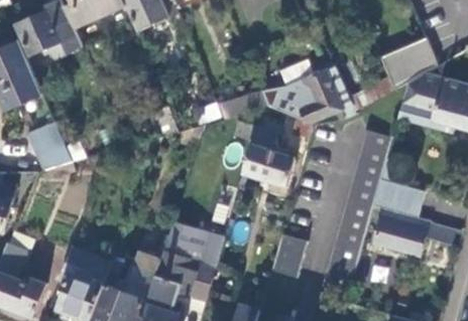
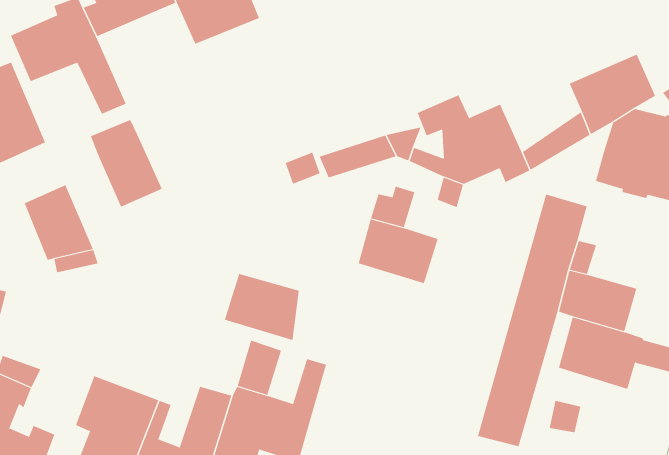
building: none -> [90,119,162,208]
building: none -> [224,273,299,341]
building: [271,231,307,276] -> none

